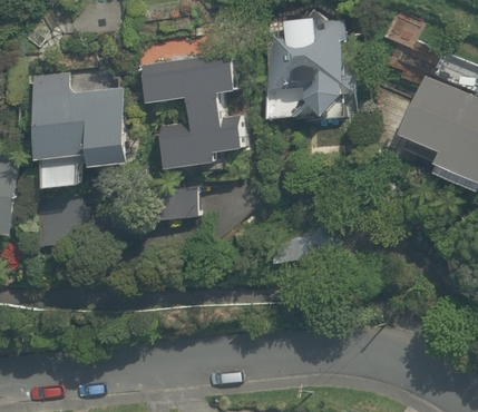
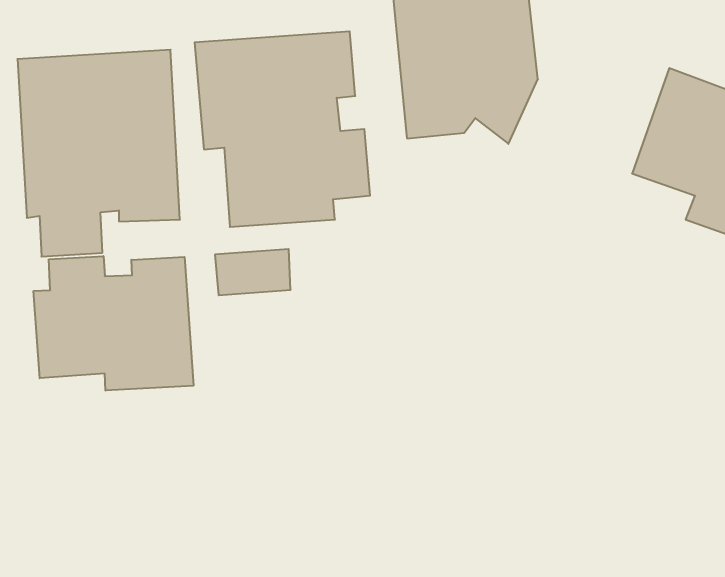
building: none -> [34,256,193,391]

